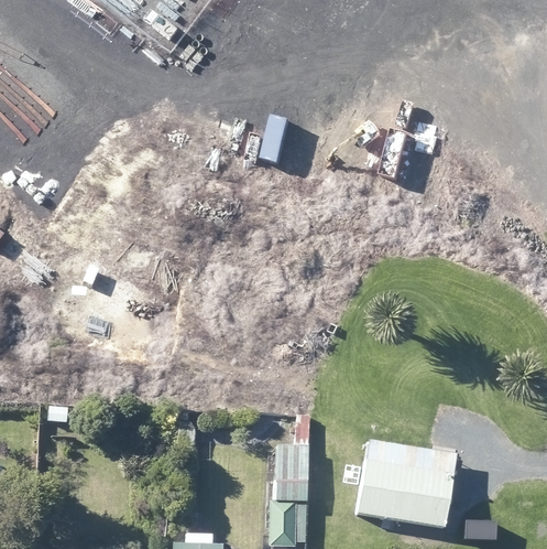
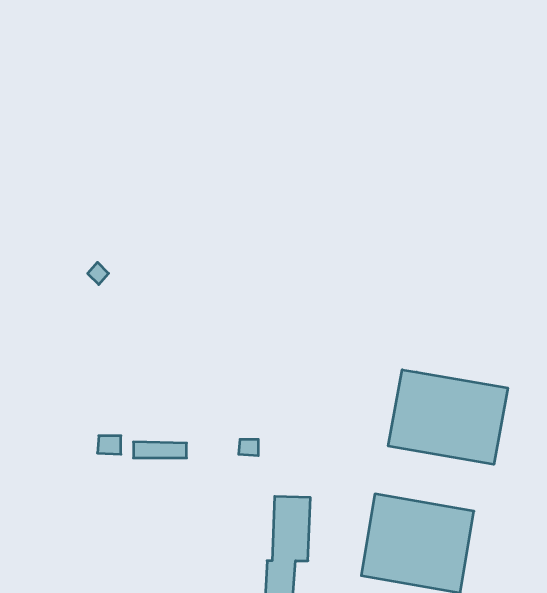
building: none -> [388,370,508,464]

